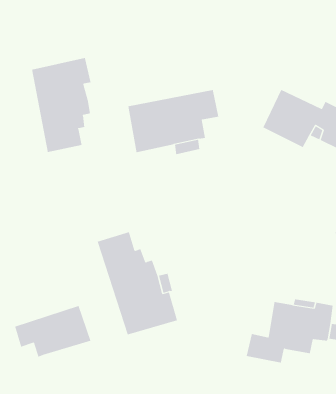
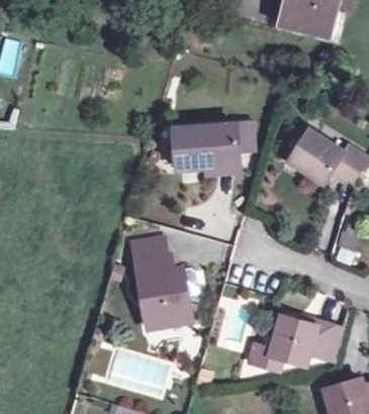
building: [31,57,91,153] -> none
building: [14,305,91,357] -> none

